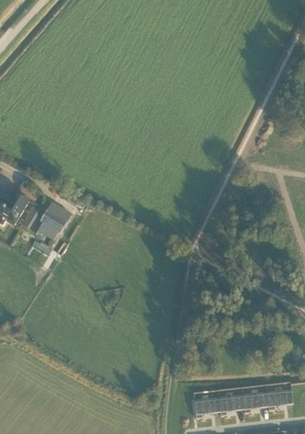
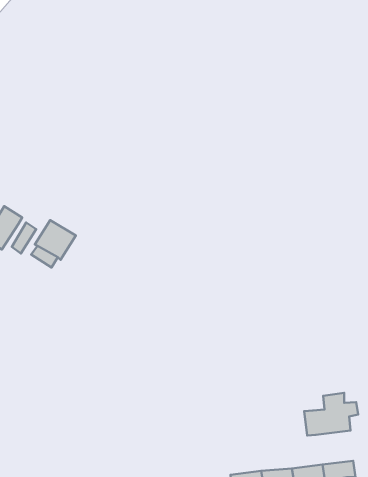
building: none -> [304,393,358,436]

